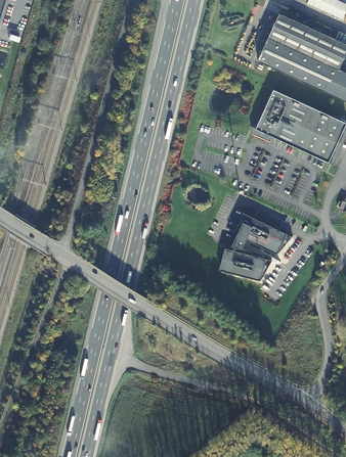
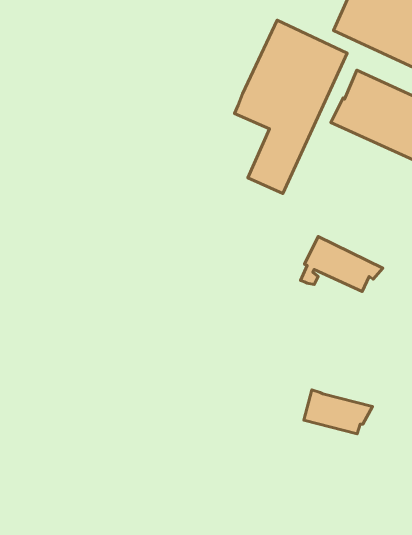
building: none -> [235,20,347,193]
building: [222,248,273,281] -> [304,390,372,434]

